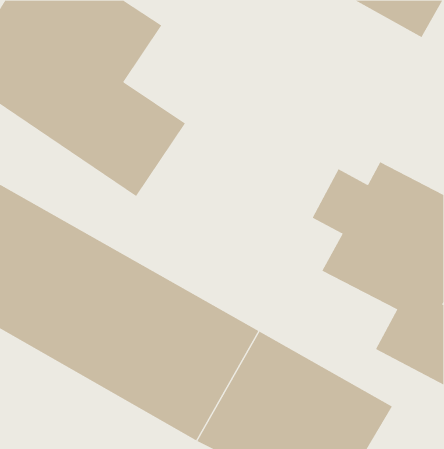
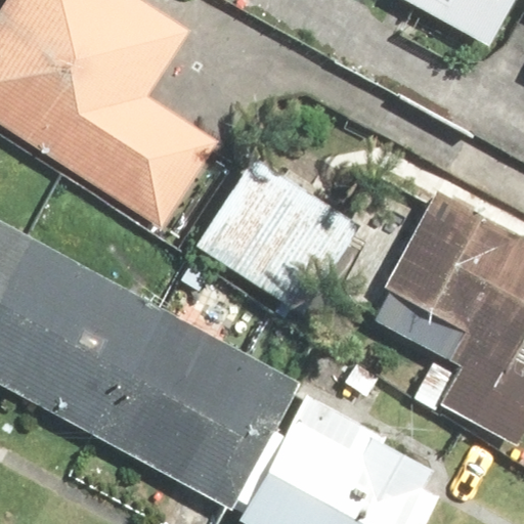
building: none -> [198,157,357,325]

